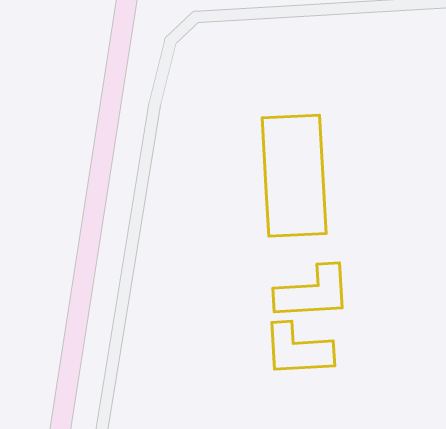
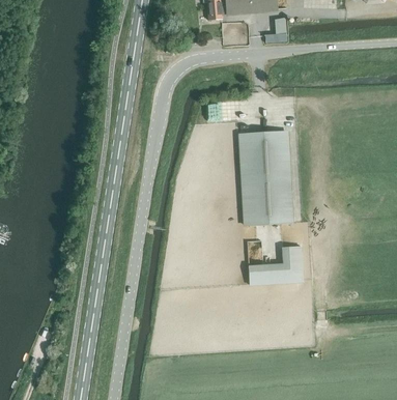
building: [272,321,335,369] -> none

